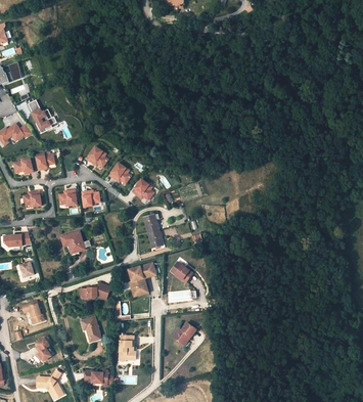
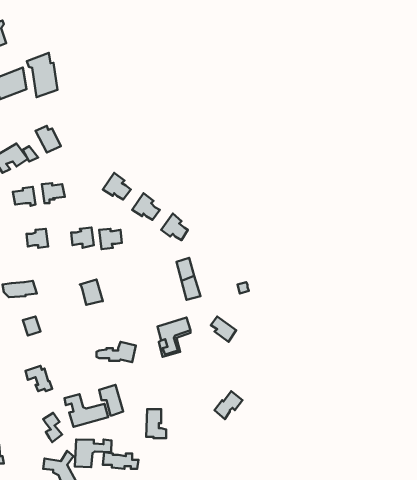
building: none -> [27,53,57,97]
building: none -> [65,394,108,427]
building: none -> [75,439,112,467]

